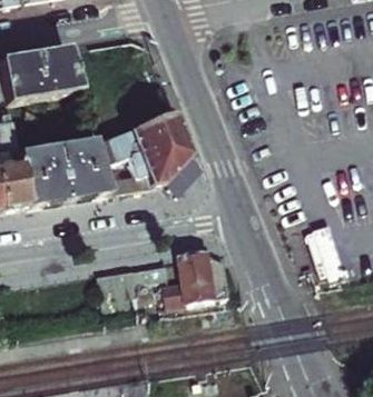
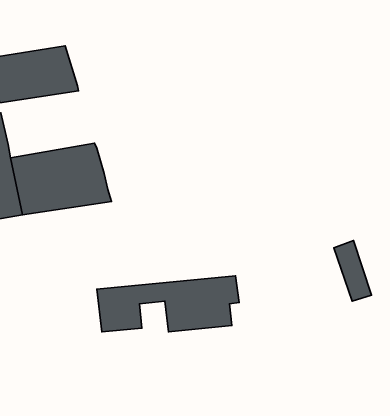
building: [96,112,192,192] -> none

